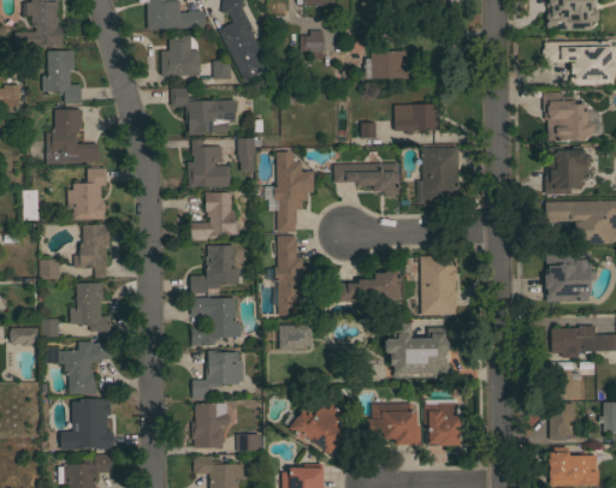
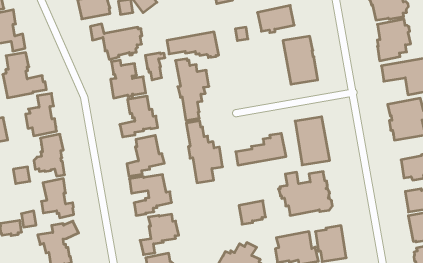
building: [334,162,399,195] -> [167,32,219,58]
building: [280,323,313,350] -> [239,201,266,224]

